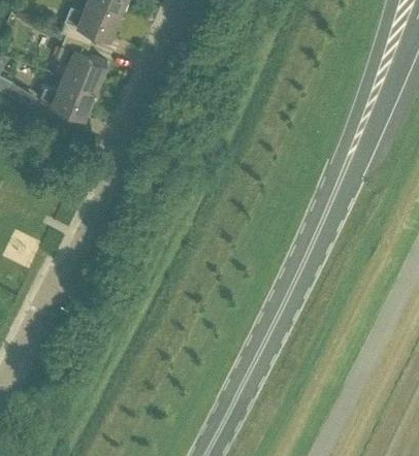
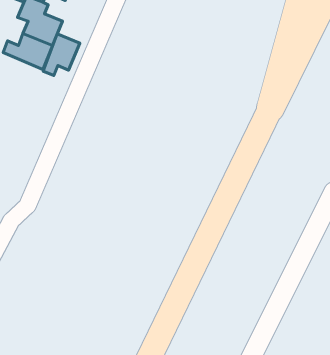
building: none -> [43,34,80,76]

